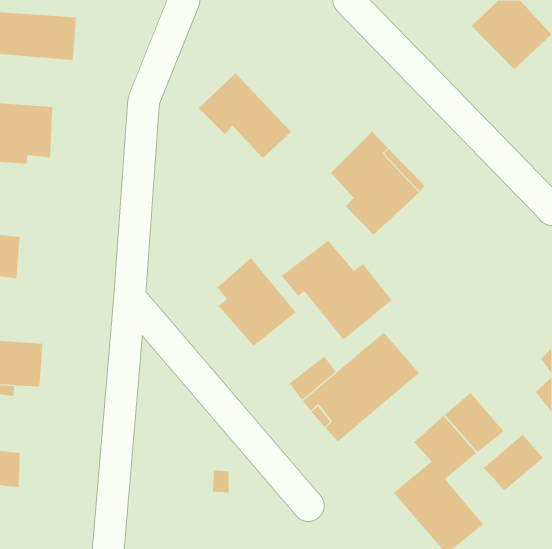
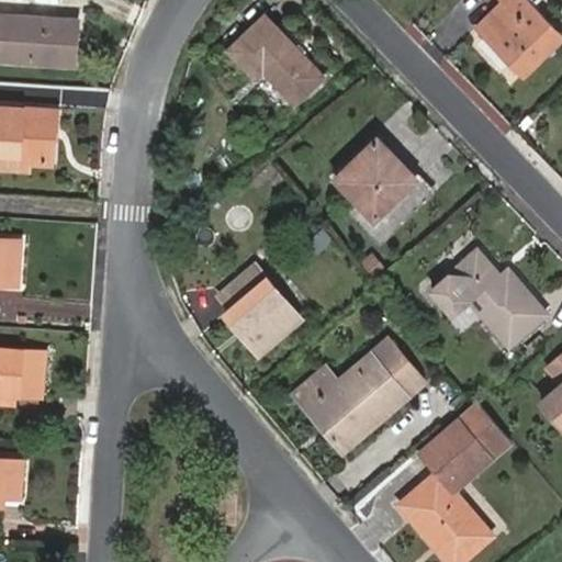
building: [198,72,292,159] -> [227,15,323,103]
building: [281,240,392,341] -> none
building: none -> [430,250,547,348]
building: [483,434,544,491] -> none

